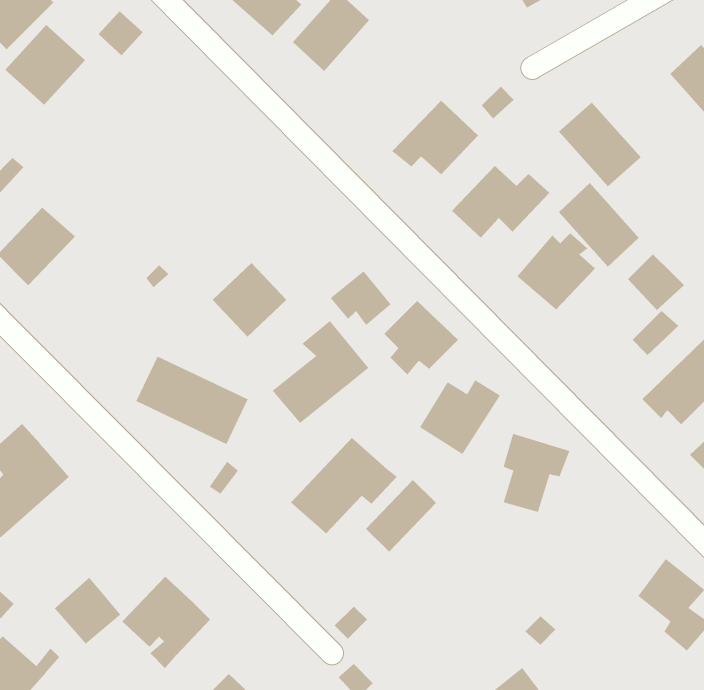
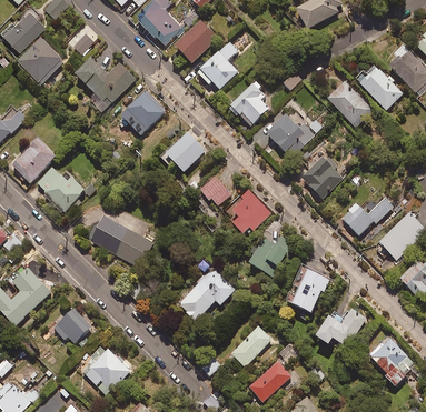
building: none -> [197,42,239,91]
building: none -> [73,56,135,105]
building: none -> [120,90,166,134]
building: [558,182,640,268] -> [357,62,403,110]
building: [627,253,685,311] -> [341,202,374,234]
building: none -> [36,165,85,211]
building: [212,262,287,337] -> [164,130,206,172]
building: [272,320,369,424] -> none
building: [365,479,437,553] -> [231,324,271,365]
building: none -> [318,305,366,344]
building: [54,577,121,644] -> [55,305,92,343]
building: none -> [248,361,290,402]

